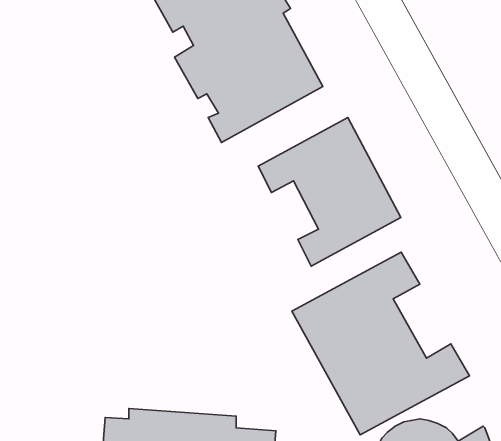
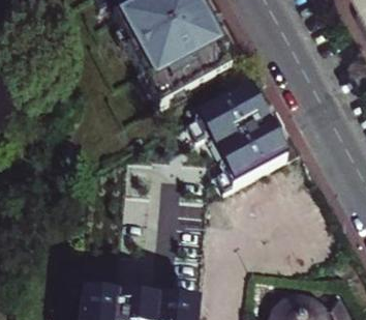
building: [292,252,469,435] -> none

